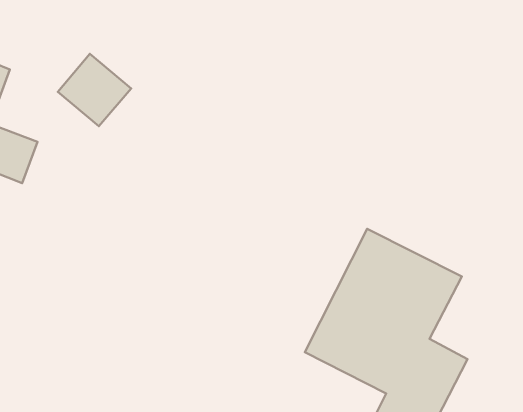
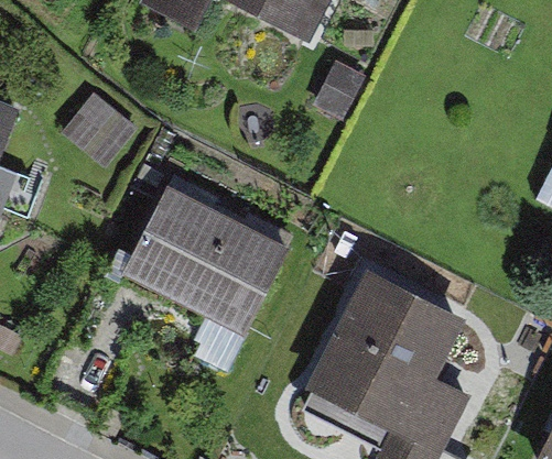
building: none -> [122,185,286,335]

